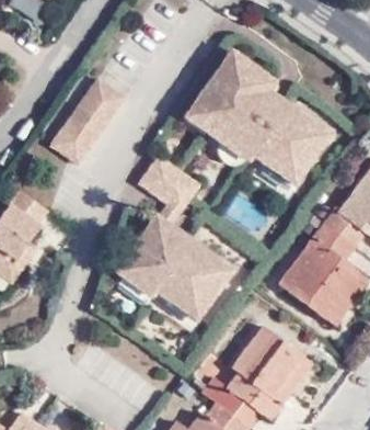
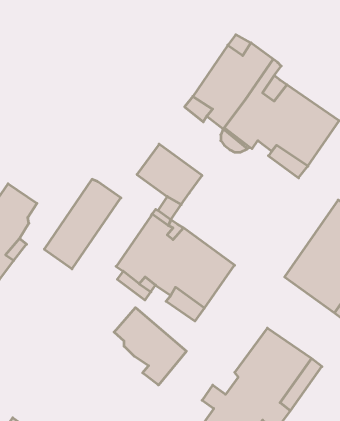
building: [51,80,124,165] -> [44,179,121,269]
building: none -> [114,308,186,385]

